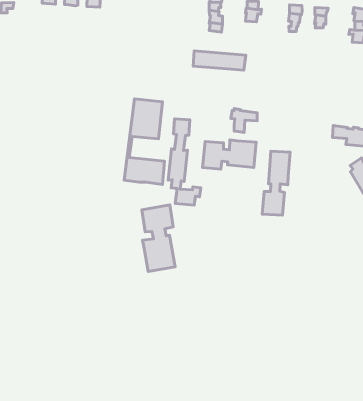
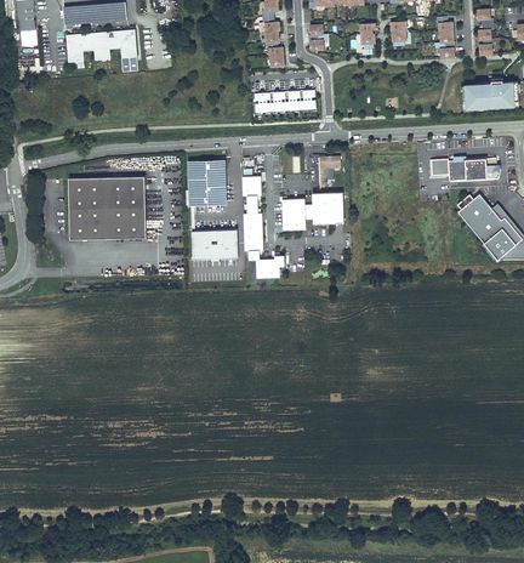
building: none -> [68,177,146,241]
building: [262,151,290,215] -> none
building: [142,205,175,272] -> none

